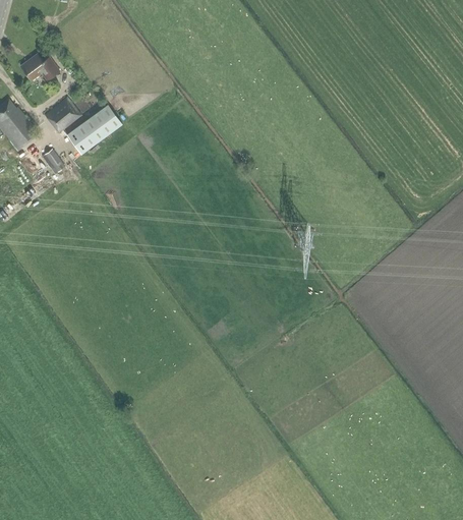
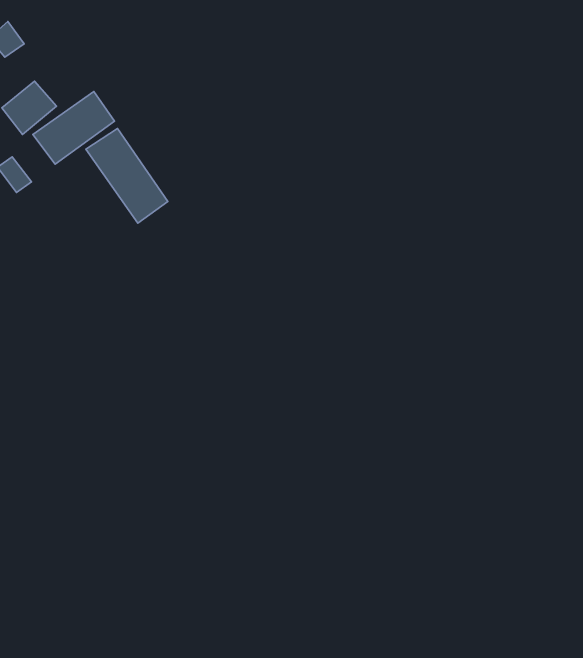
building: none -> [86,128,168,223]

